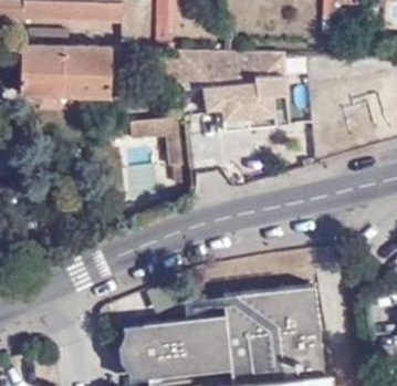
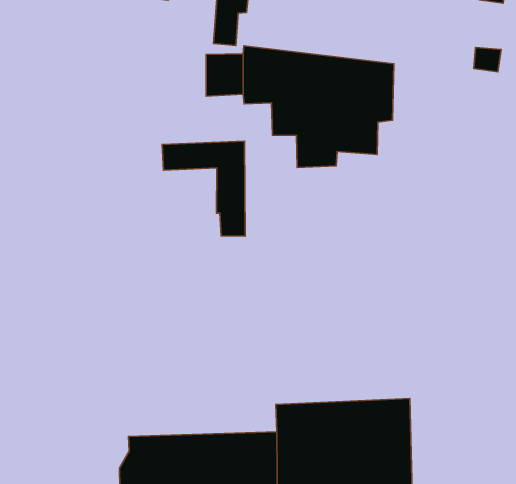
building: [22,45,130,97] -> none

